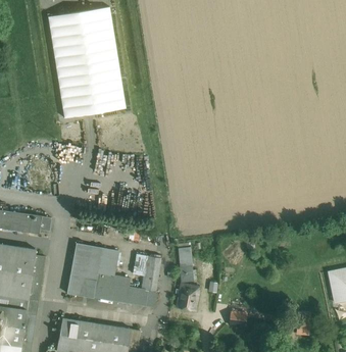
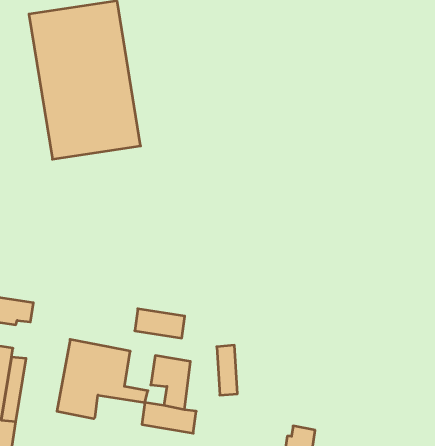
building: [94,282,129,302] -> [135,309,185,338]
building: [177,284,199,310] -> none

